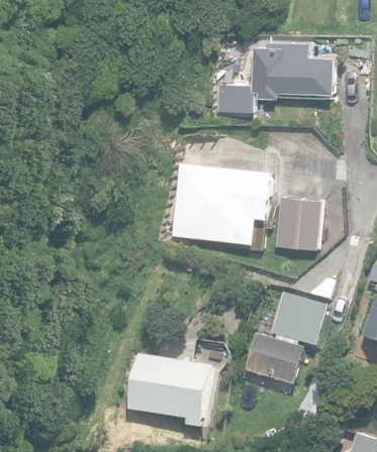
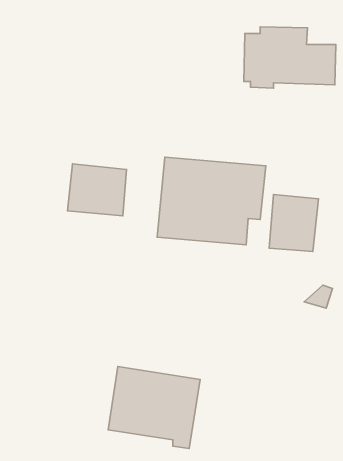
building: none -> [67,164,127,216]
building: [245,296,328,387] -> none

